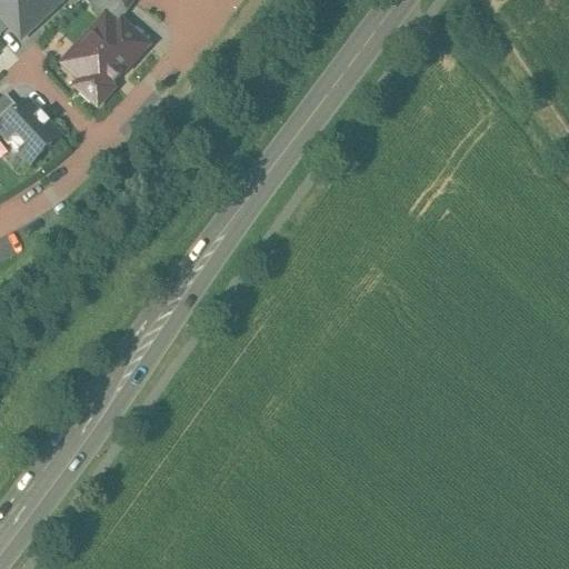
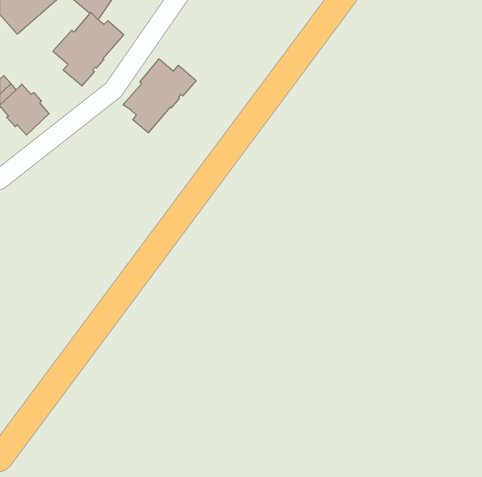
building: none -> [123,59,196,133]

